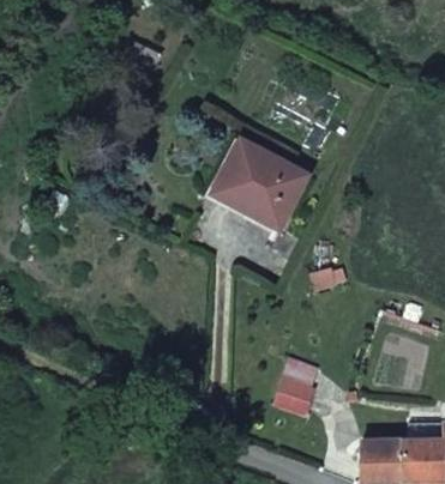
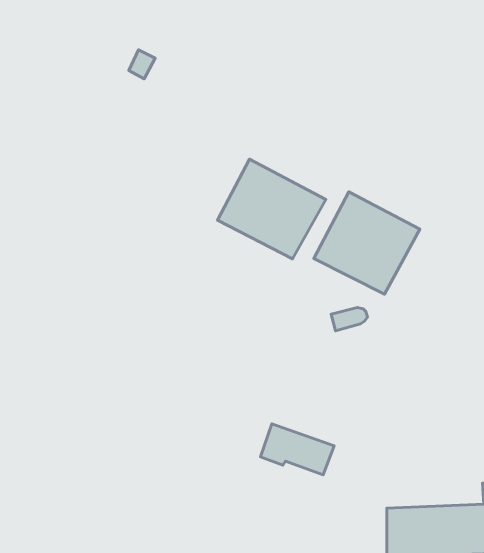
building: none -> [314,192,420,294]

